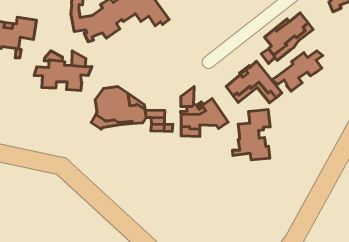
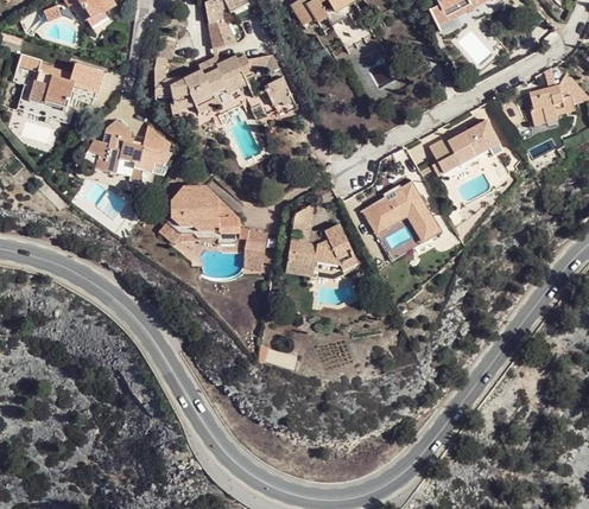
building: [272,51,323,91] -> none
building: [232,110,270,160] -> none

